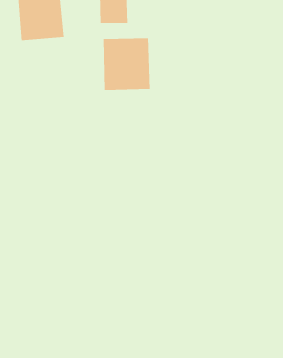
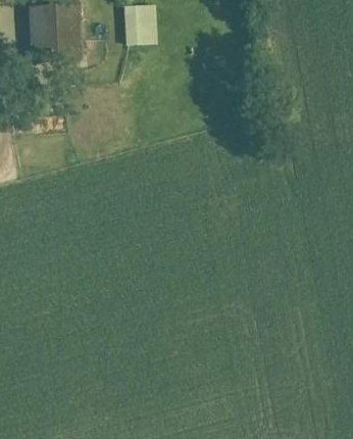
building: [103,37,150,91] -> none

